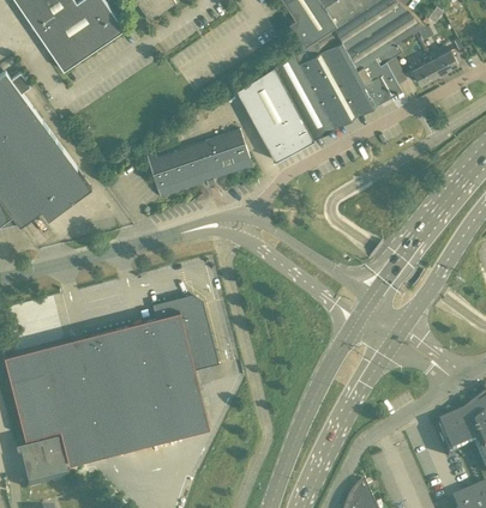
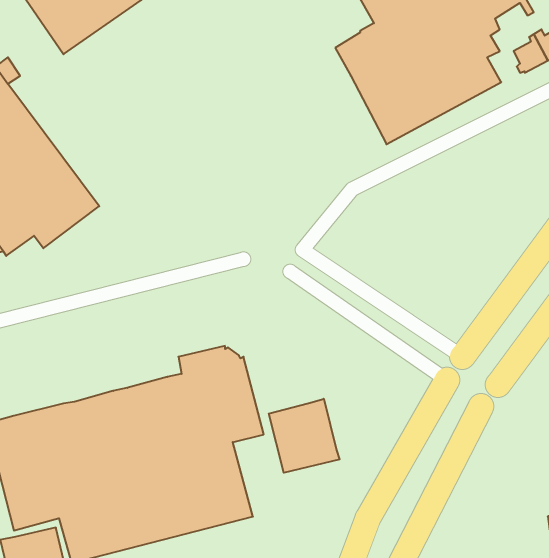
building: [235,66,313,162] -> none
building: [148,129,252,196] -> none
building: none -> [269,399,340,473]

